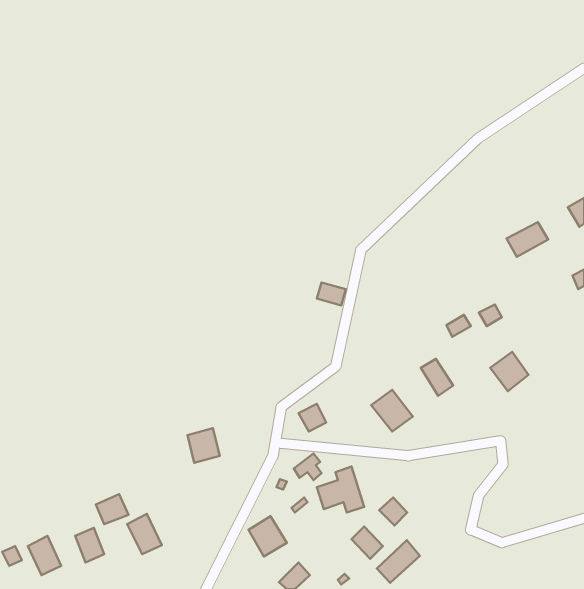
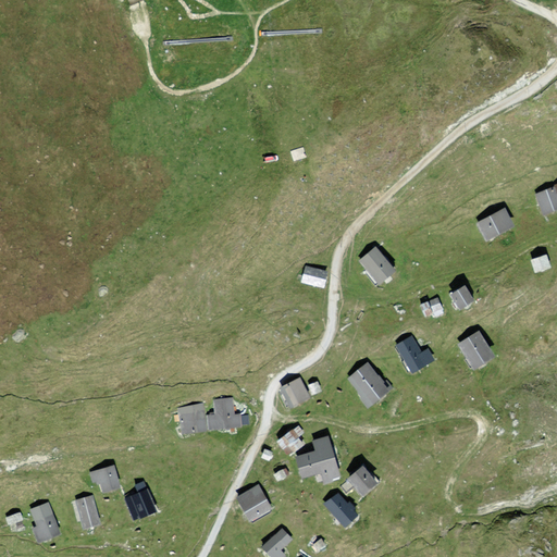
building: none -> [359,247,394,283]
building: none -> [211,398,235,429]
building: [377,540,420,583] -> none

